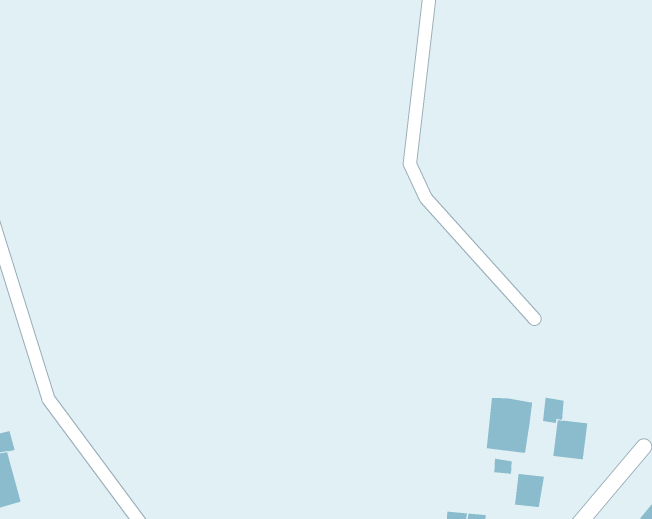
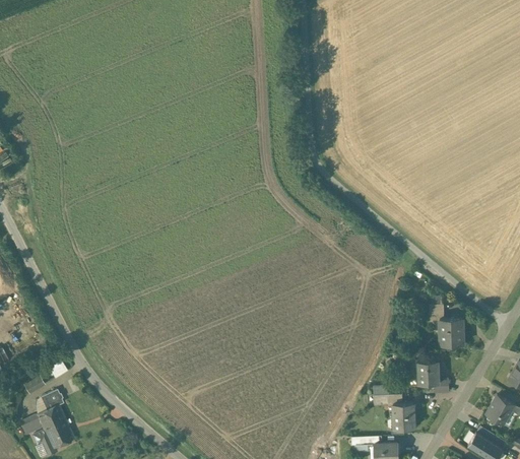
building: [486,397,533,454] -> none

